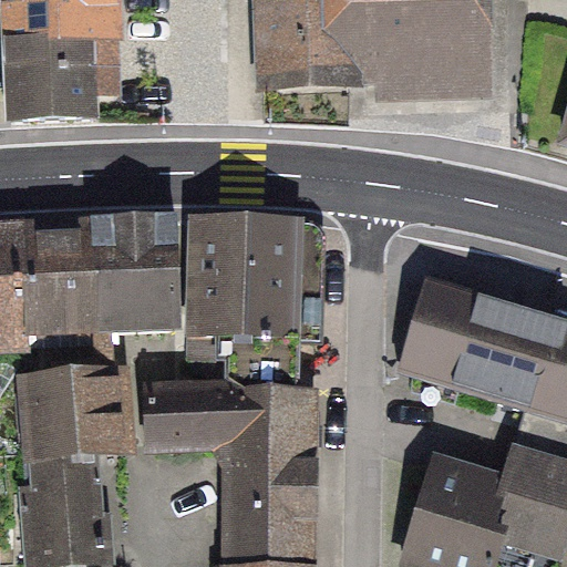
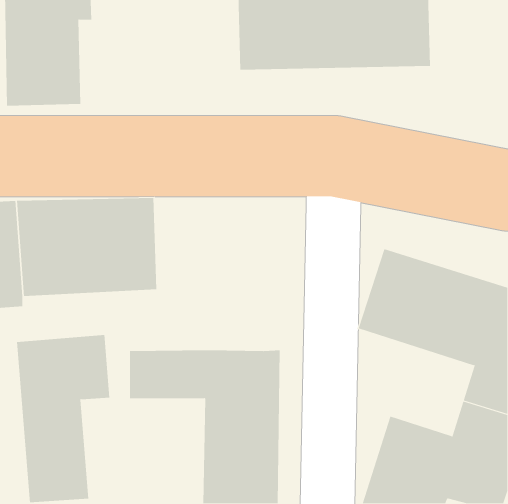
building: [192,216,319,388] -> none

